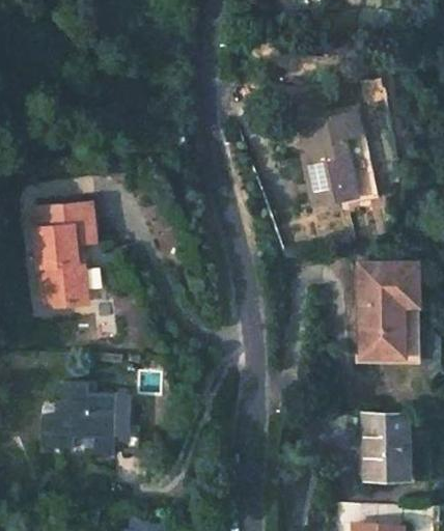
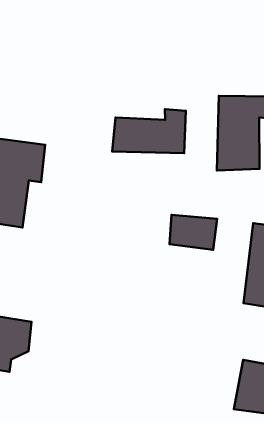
building: none -> [112,109,186,153]
building: none -> [169,215,217,250]

